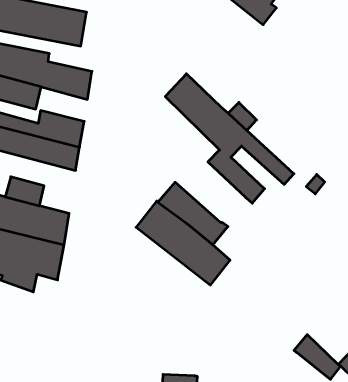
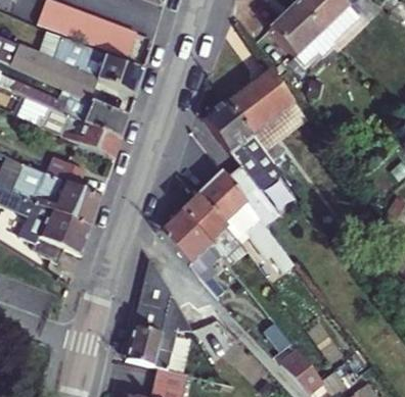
building: none -> [226,64,292,131]
building: none -> [199,168,261,235]
building: none -> [125,256,196,368]

